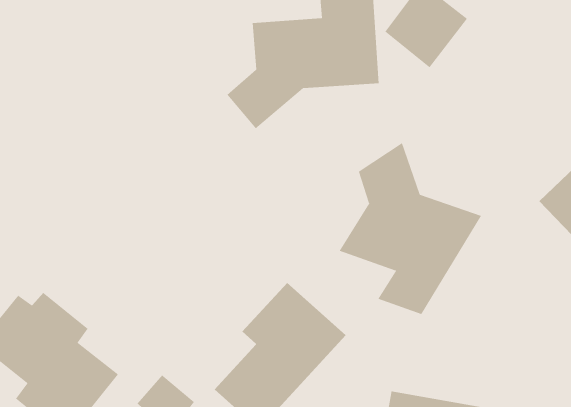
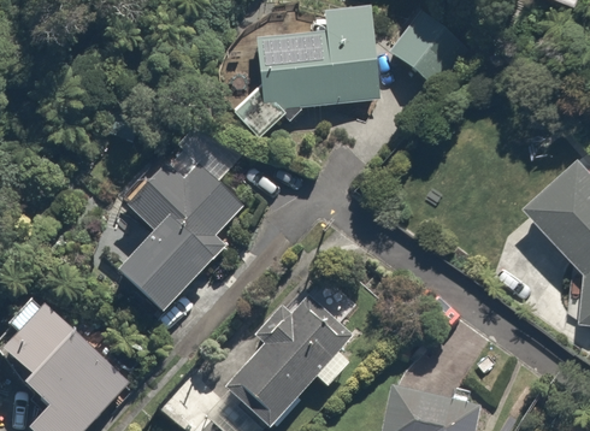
building: none -> [119,126,241,317]
building: [339,142,482,315] -> none

